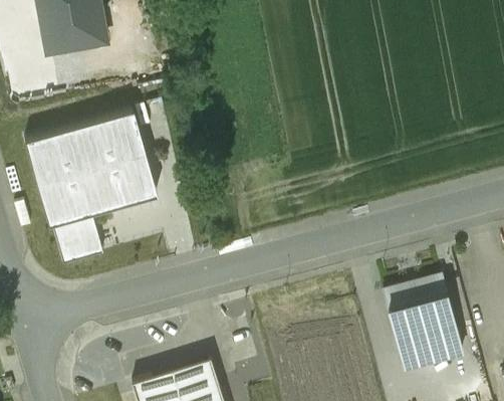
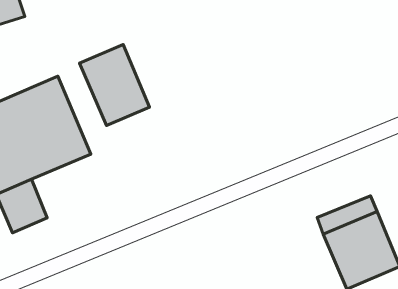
building: none -> [79,44,150,126]

